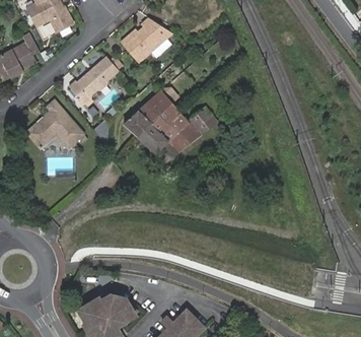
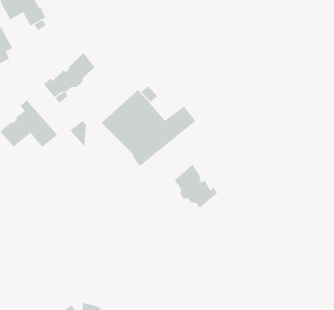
building: [121,17,173,63] -> none
building: none -> [174,164,218,208]

